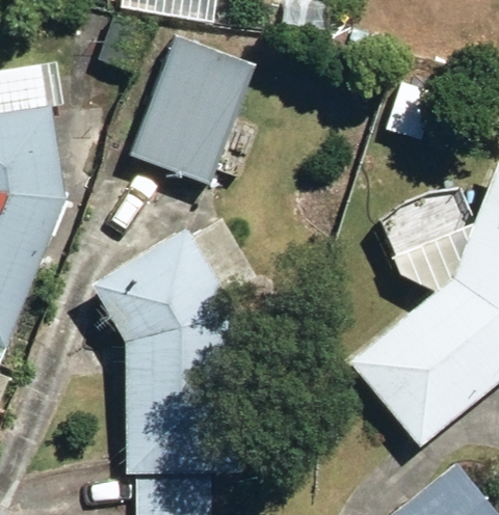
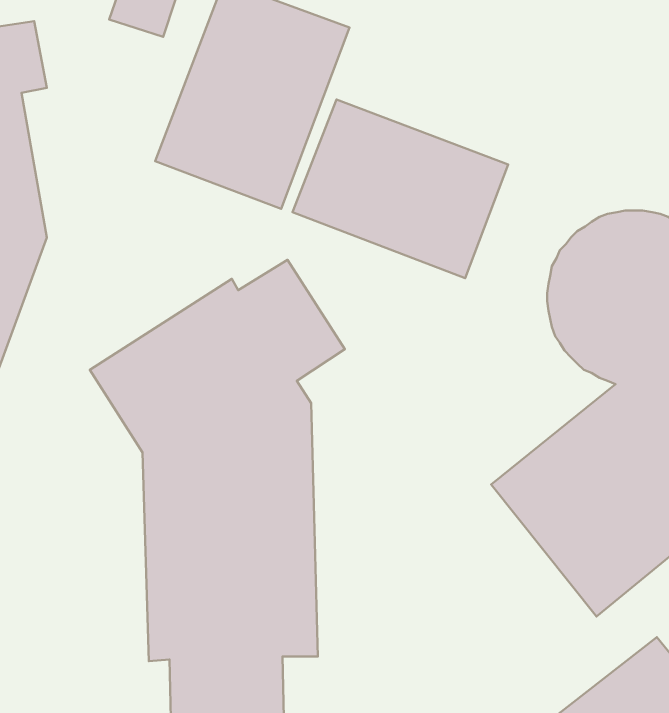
building: none -> [292,99,508,278]

